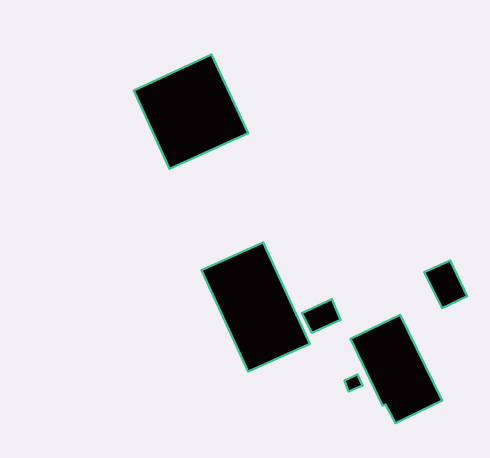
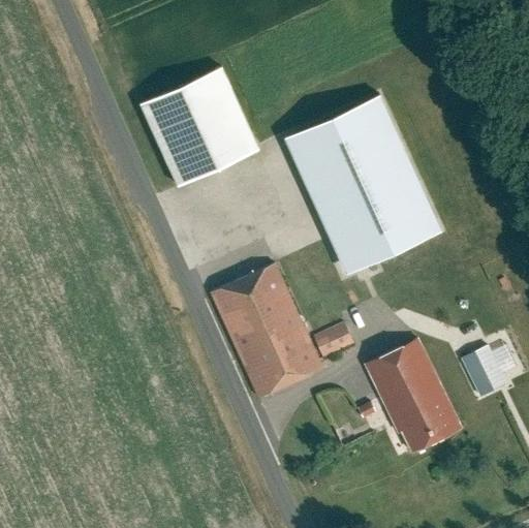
building: none -> [295,95,441,271]
building: [424,260,467,308] -> [461,346,505,396]

